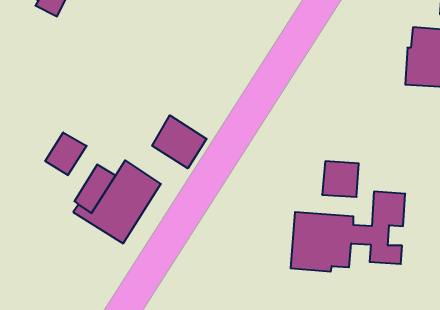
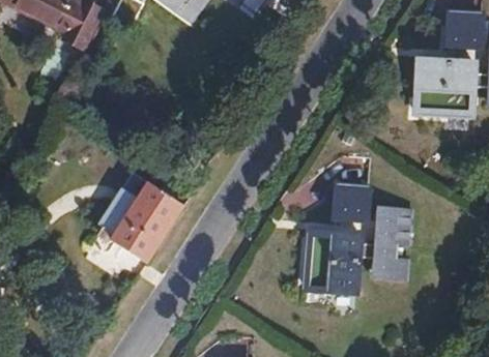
building: [152,115,207,168] -> none
building: [45,132,87,175] -> none

